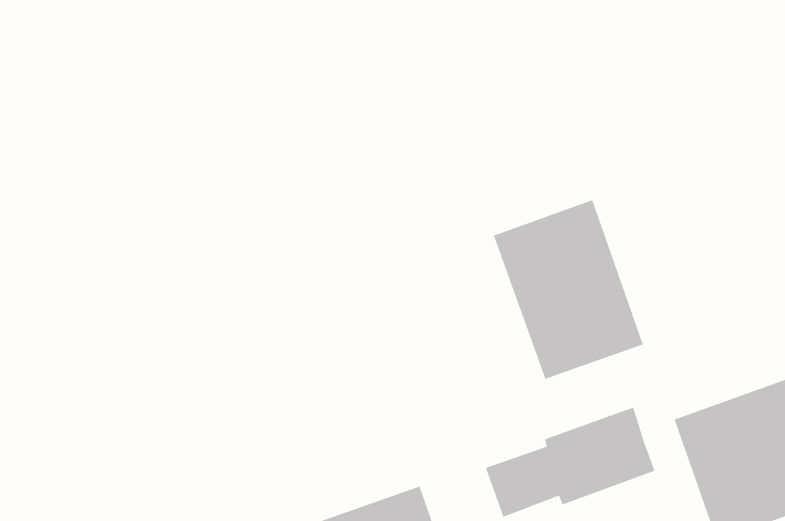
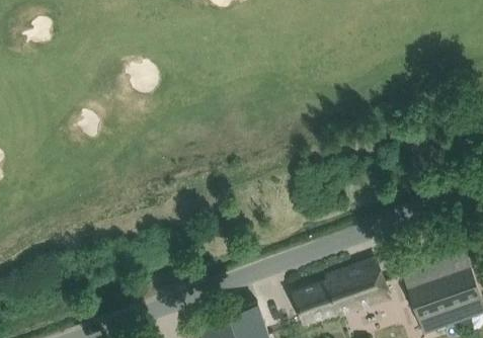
building: [493,199,644,380] -> none

